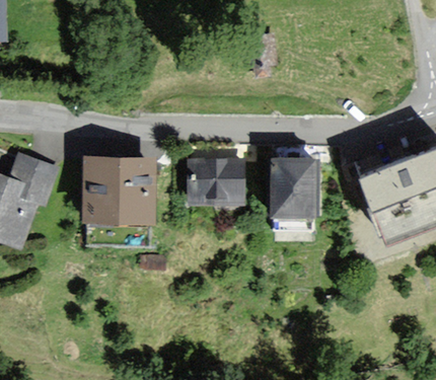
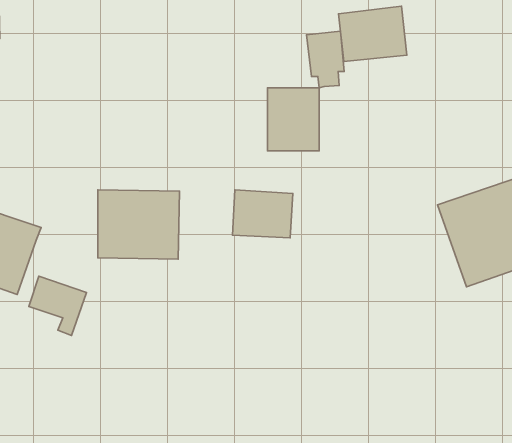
building: none -> [339,6,407,61]
building: [11,158,58,206] -> [29,276,87,335]
building: [271,160,312,211] -> [268,88,319,151]

